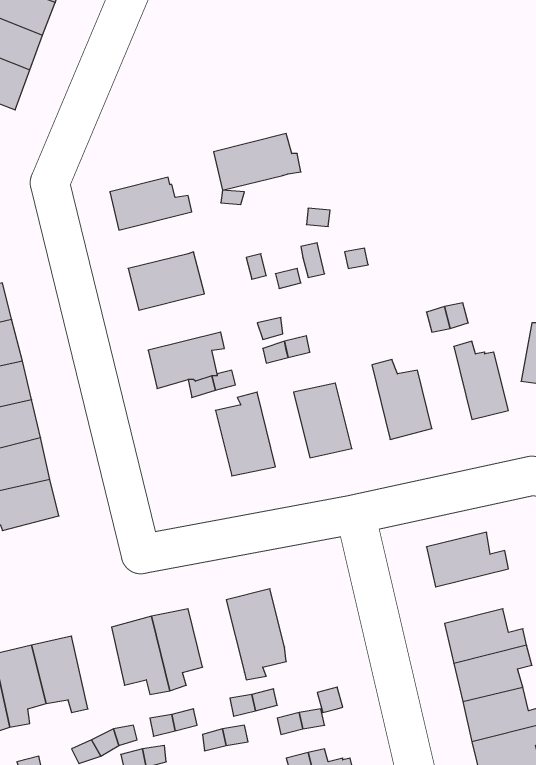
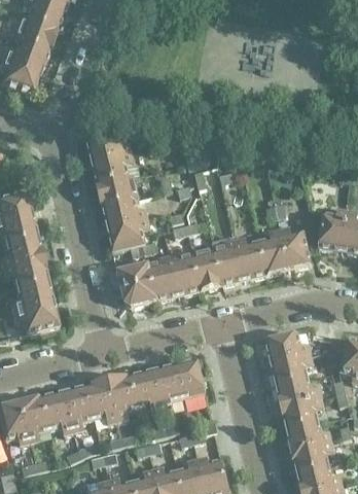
building: [214,134,301,190] -> [91,151,140,183]
building: none -> [102,199,148,230]
building: none -> [256,227,290,274]
building: none -> [211,234,244,285]
building: none -> [169,251,199,295]
building: none -> [117,263,154,307]
building: none -> [270,353,314,384]
building: none -> [176,359,205,397]
building: none -> [130,370,162,414]
building: none -> [64,386,94,432]

